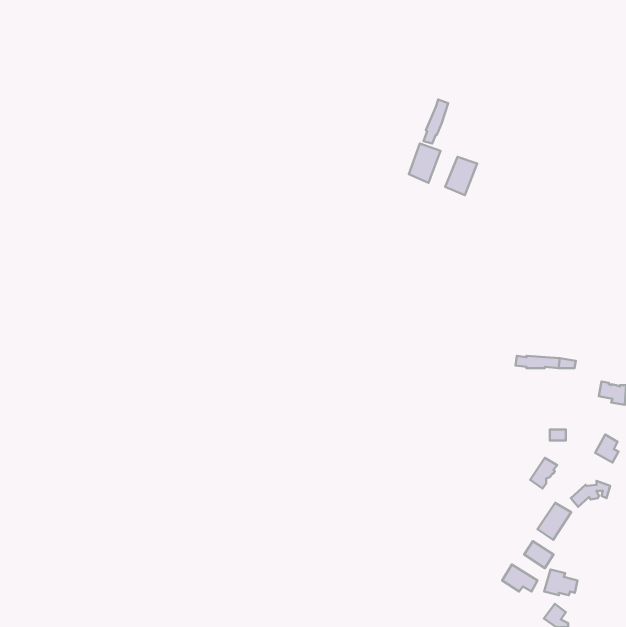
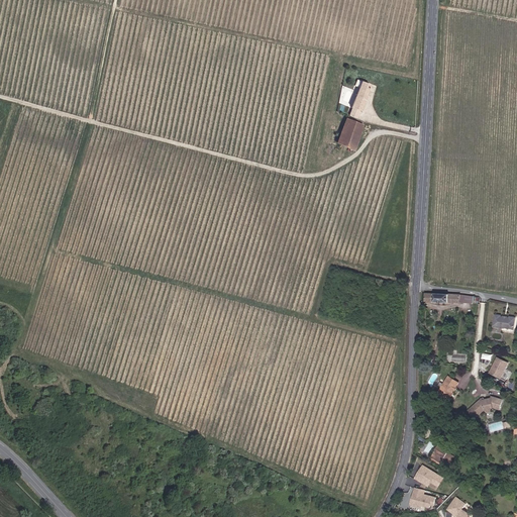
building: [445,157,477,195] -> none
building: [537,503,571,540] -> none
building: [544,570,577,595] -> [408,487,435,508]

